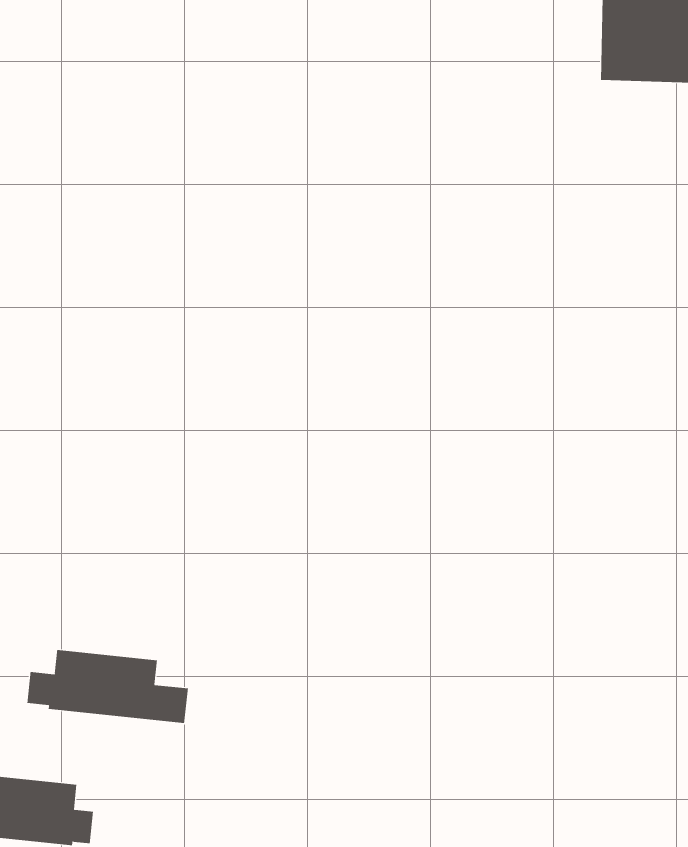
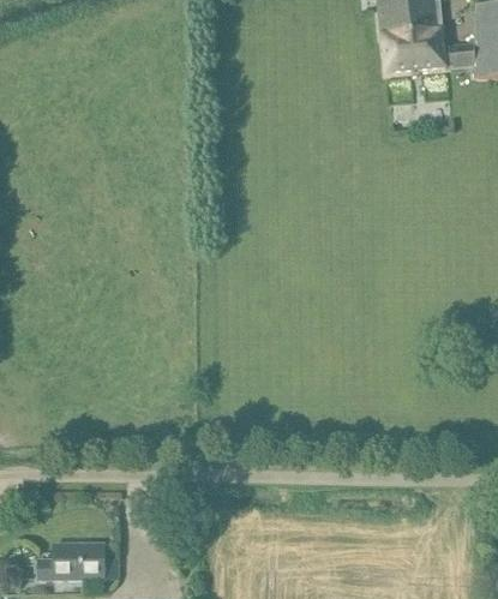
building: [27,649,188,724] -> none

